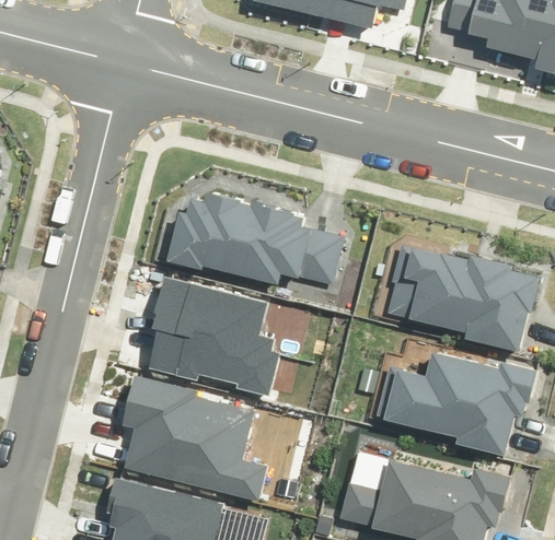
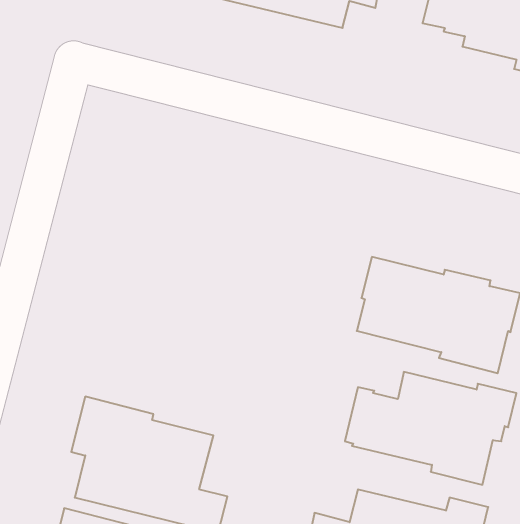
building: [166,192,346,284] -> none
building: [149,274,282,398] -> none

